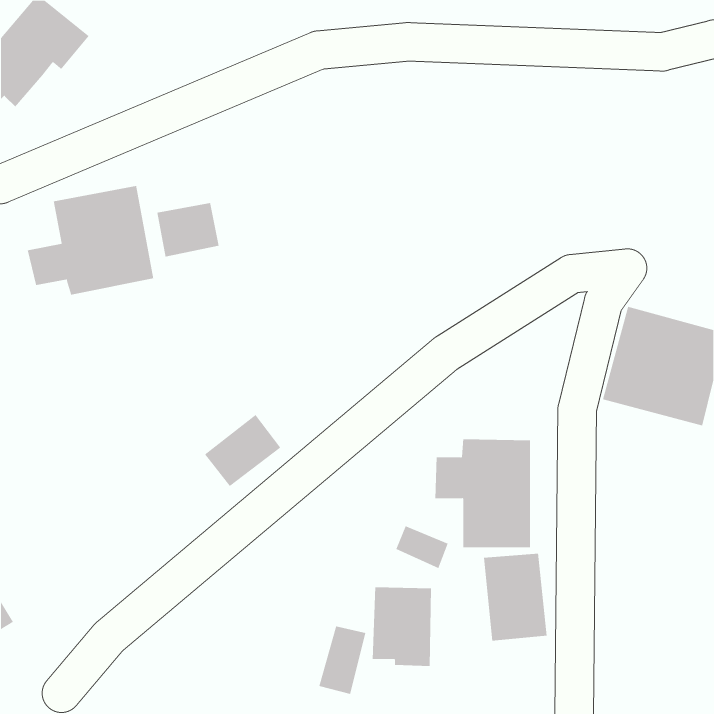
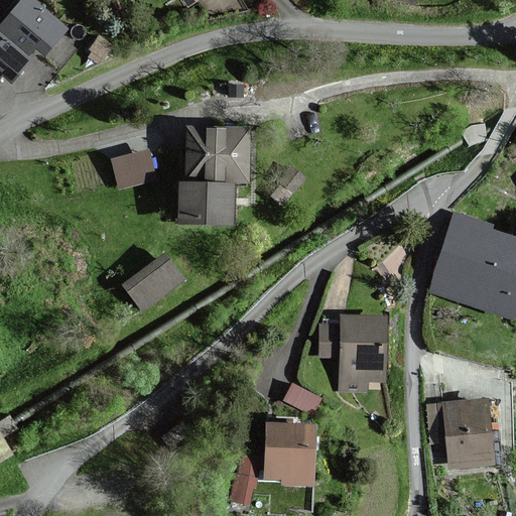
building: none -> [178,127,250,224]
building: [27,185,154,295] -> none
building: [204,414,281,487] -> [126,254,181,306]
building: [483,553,547,641] -> [444,400,491,464]

